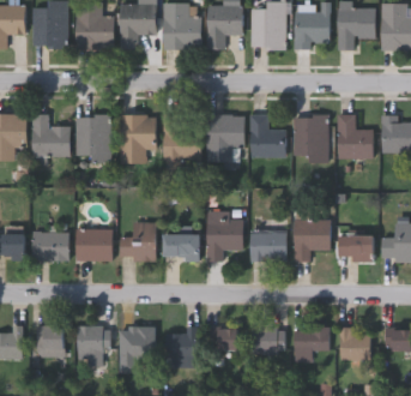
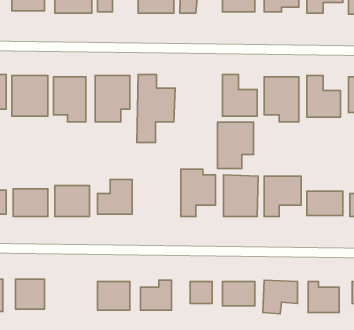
building: [207,114,244,162] -> [217,122,253,168]
building: [164,234,200,258] -> none
building: [78,325,111,355] -> none

